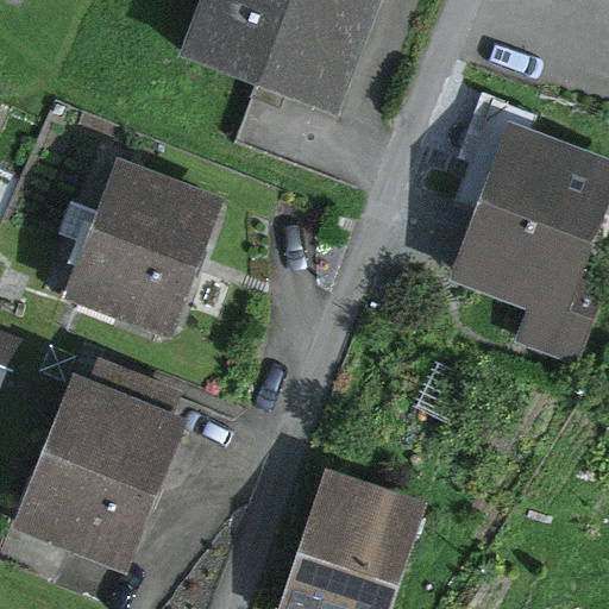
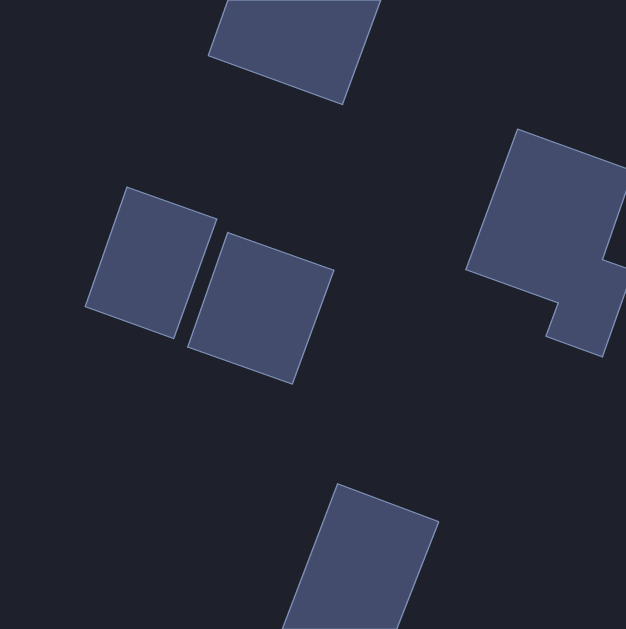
building: none -> [188,232,334,384]
building: [20,398,171,584] -> none

